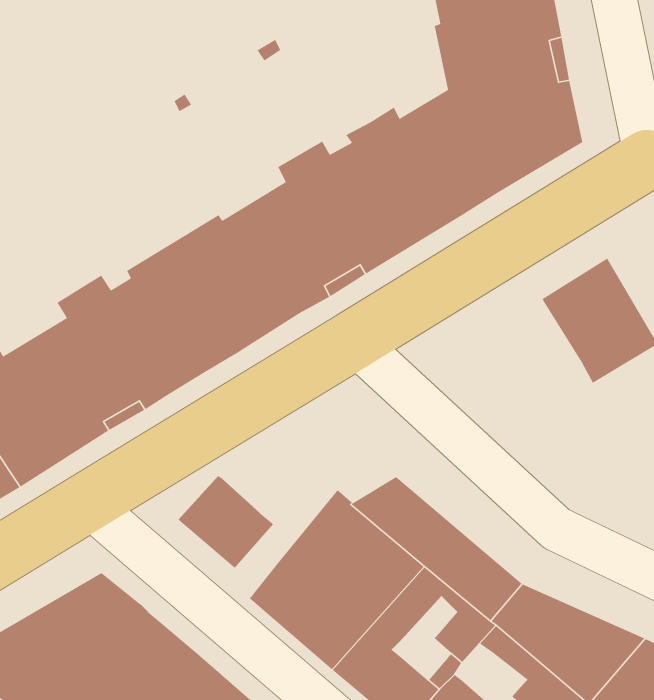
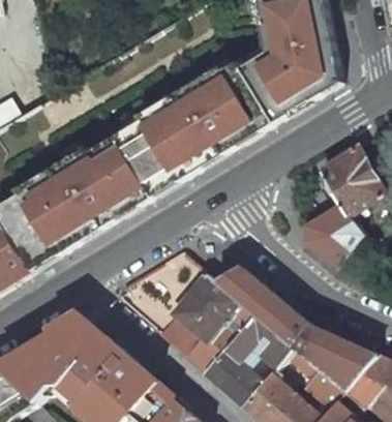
building: none -> [303,202,363,266]
building: [177,475,274,569] -> none

